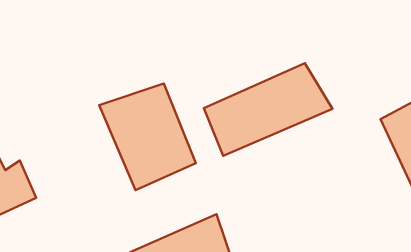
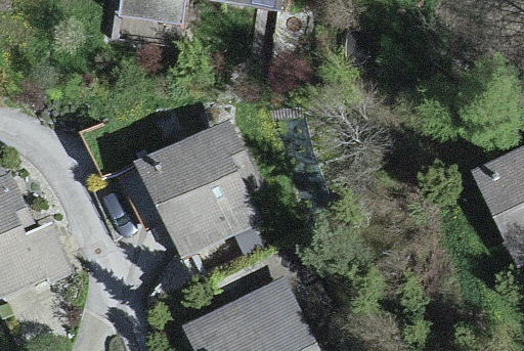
building: [204,63,332,156] -> none

